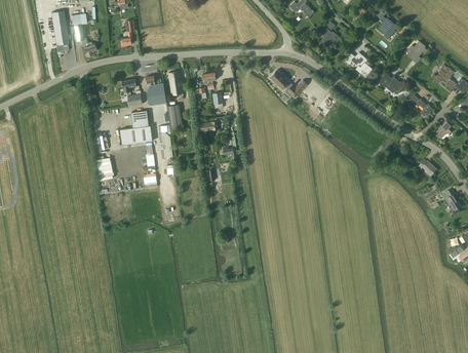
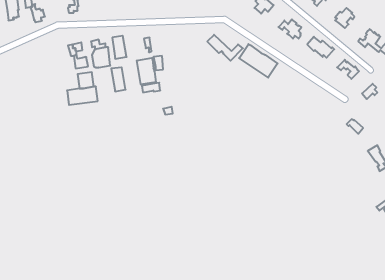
building: none -> [239,44,278,78]
building: none -> [137,58,156,85]

